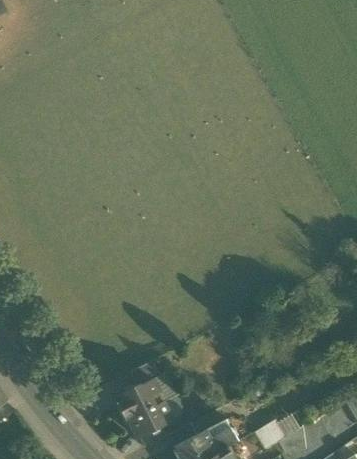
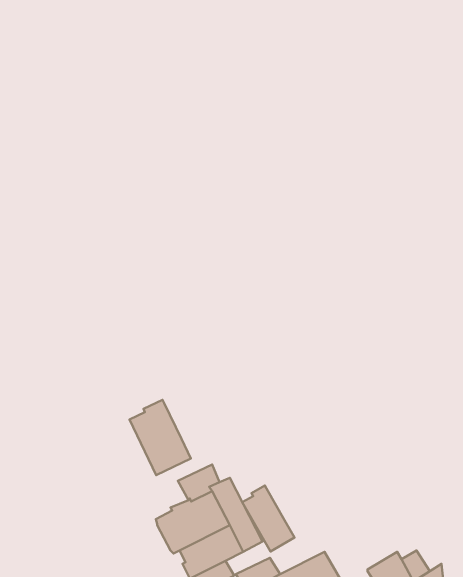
building: none -> [130,400,191,475]
building: none -> [242,486,295,551]

